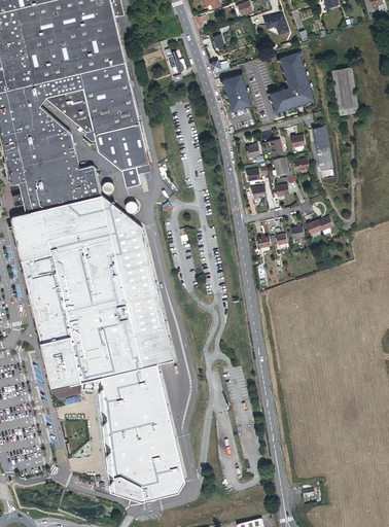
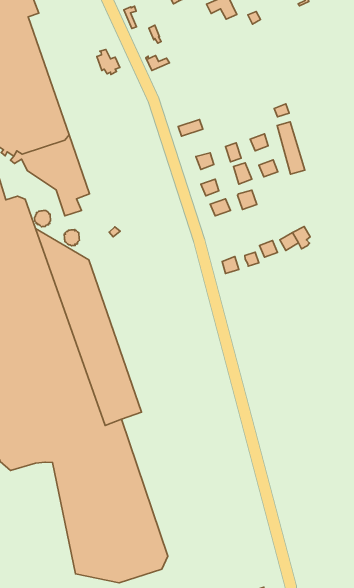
building: [267,49,315,113] -> none
building: [331,68,356,116] -> none
building: [222,73,252,111] -> none

